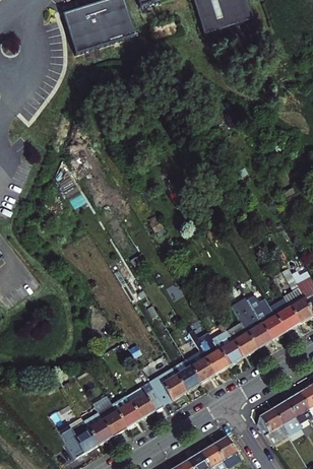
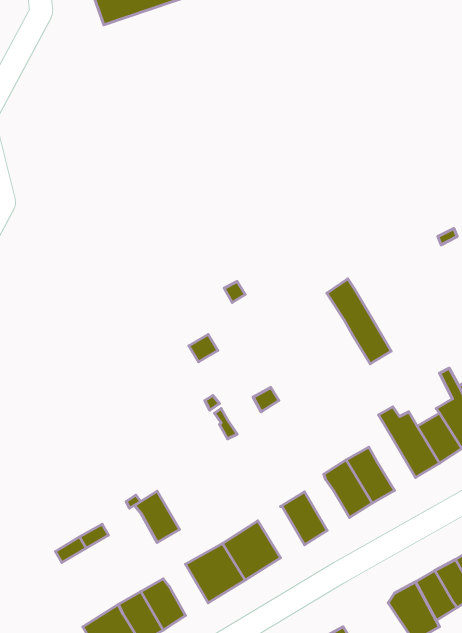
building: [231,295,271,349] -> [327,279,391,364]
building: [197,341,230,375] -> none
building: [172,359,201,392] -> none
building: [112,396,140,428] -> [135,491,180,542]

